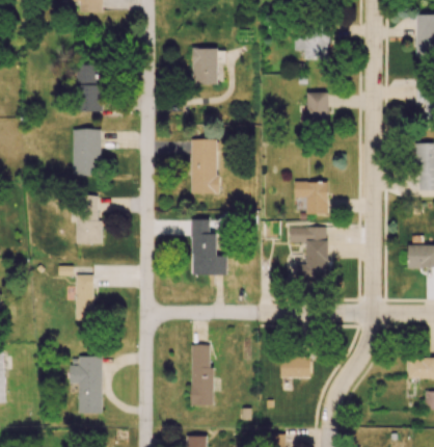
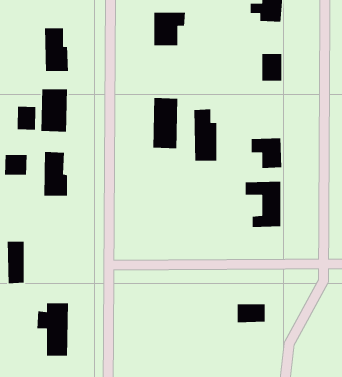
building: none -> [17,106,36,130]
building: none -> [4,154,27,176]
building: [191,218,216,274] -> [194,109,217,162]
building: [75,274,93,320] -> [7,241,24,284]
building: [190,344,213,405] -> none

